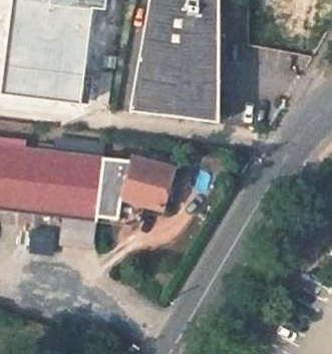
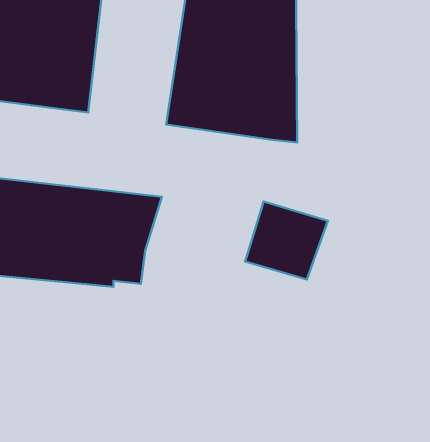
building: [119,154,175,207] -> [245,201,328,280]

